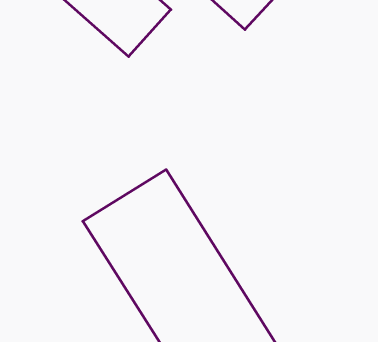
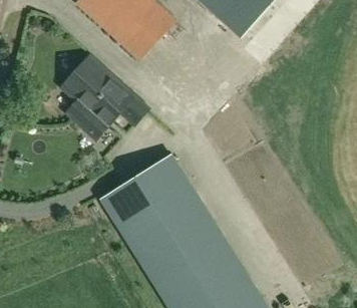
building: none -> [63,58,147,137]

